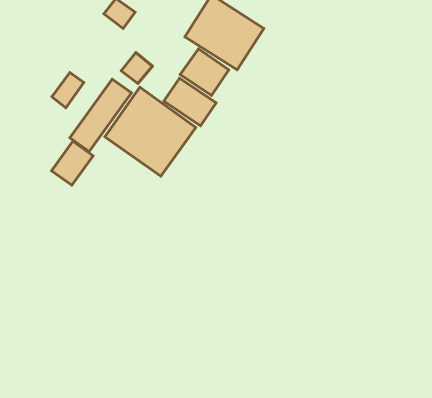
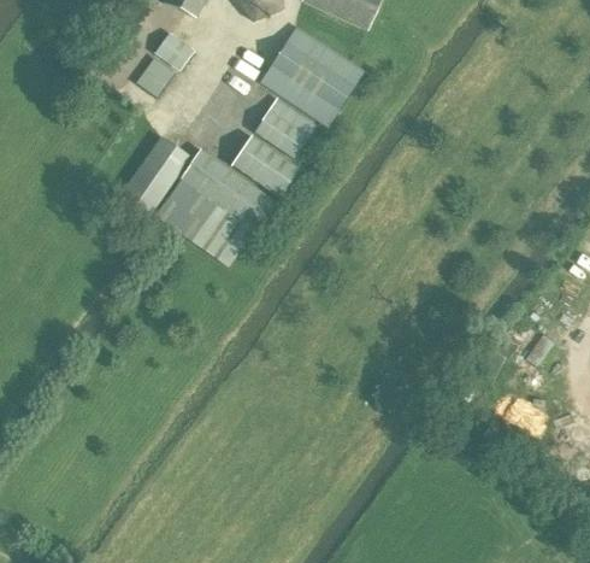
building: [121,52,152,84] -> [136,55,177,96]
building: [52,73,84,108] -> none
building: [51,141,93,185] -> none

